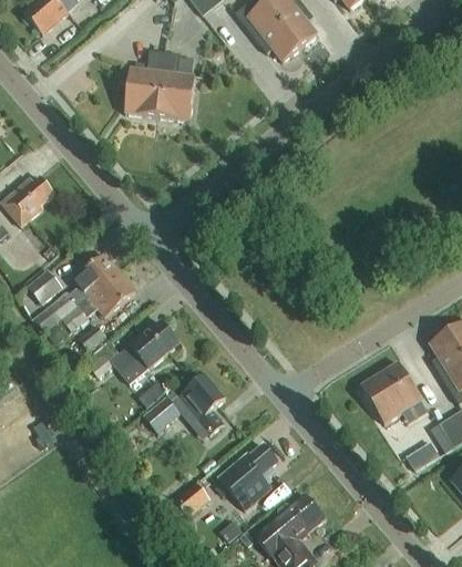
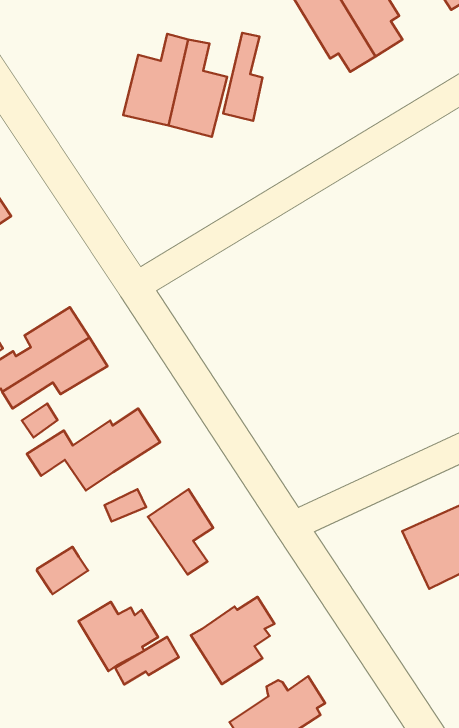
building: none -> [223,33,263,121]
building: [143,396,179,432] -> [37,547,88,594]
building: none -> [79,602,158,671]

